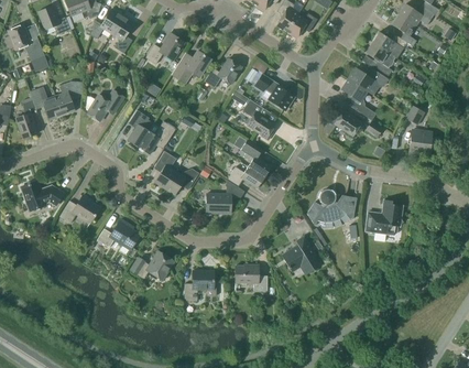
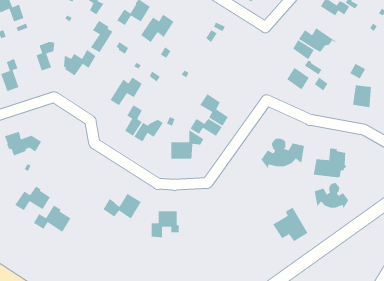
building: [366,42,395,75] -> none
building: [204,57,242,87] -> none
building: [254,74,294,110] -> none
building: [30,86,62,119] -> none
building: [242,99,274,140] -> none
building: [127,109,153,147] -> [90,20,113,53]
building: [58,194,99,223] -> [14,185,51,211]
building: [97,218,140,250] -> [33,204,71,233]
building: [281,235,321,274] -> [272,207,309,242]
building: none -> [314,182,349,210]
building: [234,263,266,291] -> none

